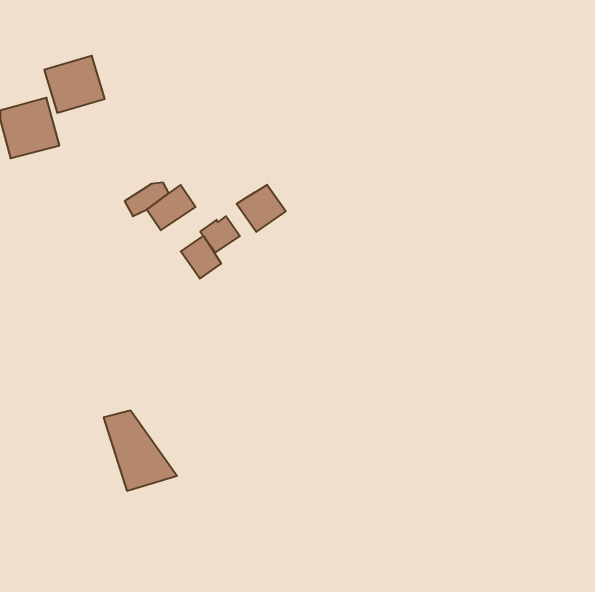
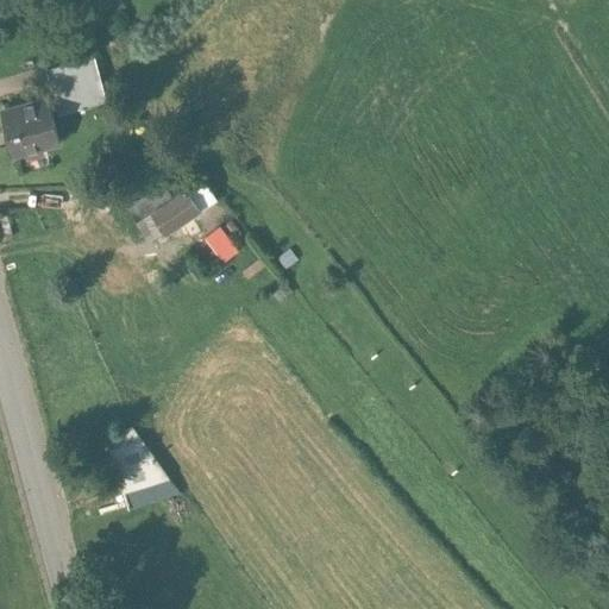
building: [237,185,286,232] -> none
building: [181,236,221,279] -> none

